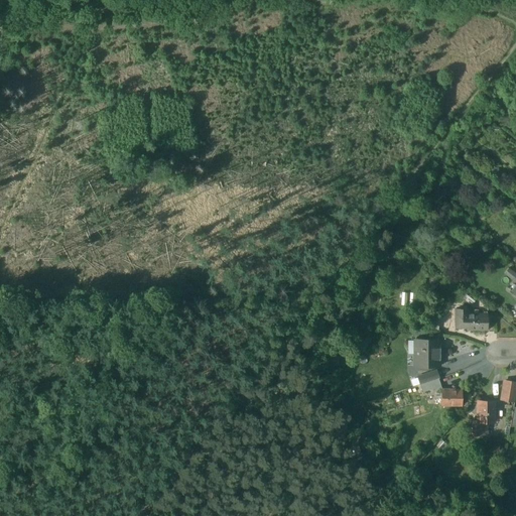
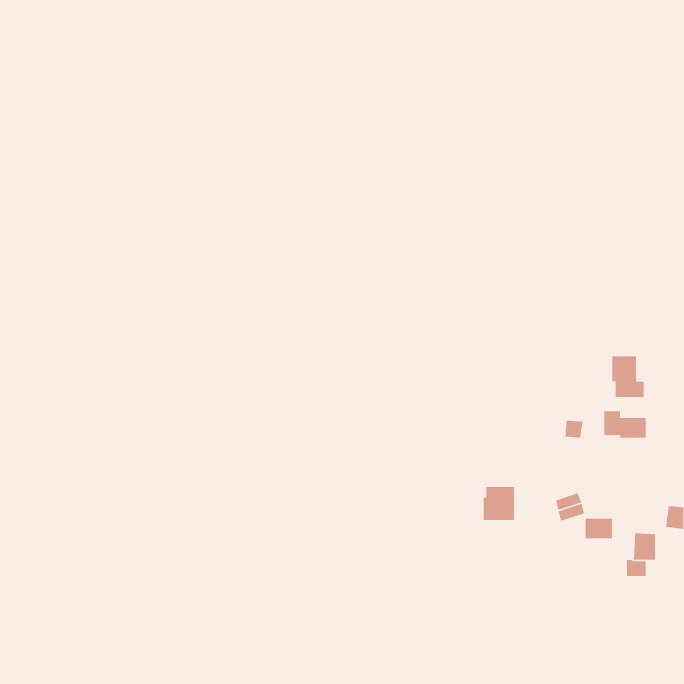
building: none -> [612,356,645,398]
building: [414,340,438,366] -> [483,486,515,521]

